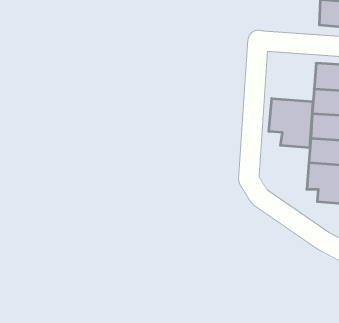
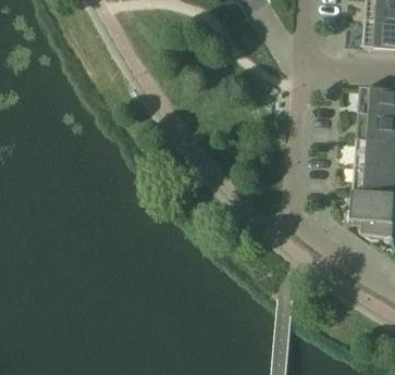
building: [269,98,313,148] -> none

